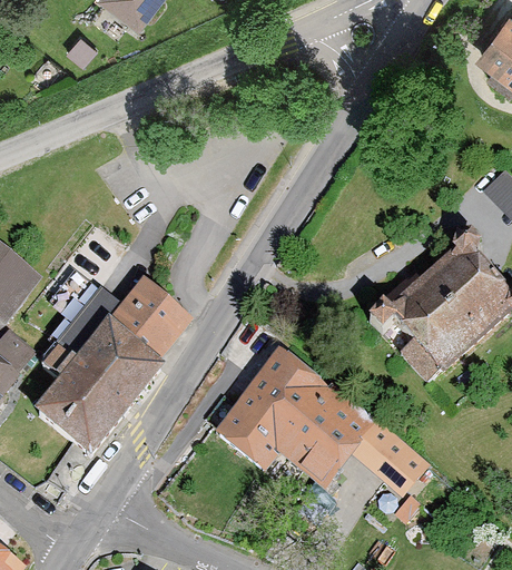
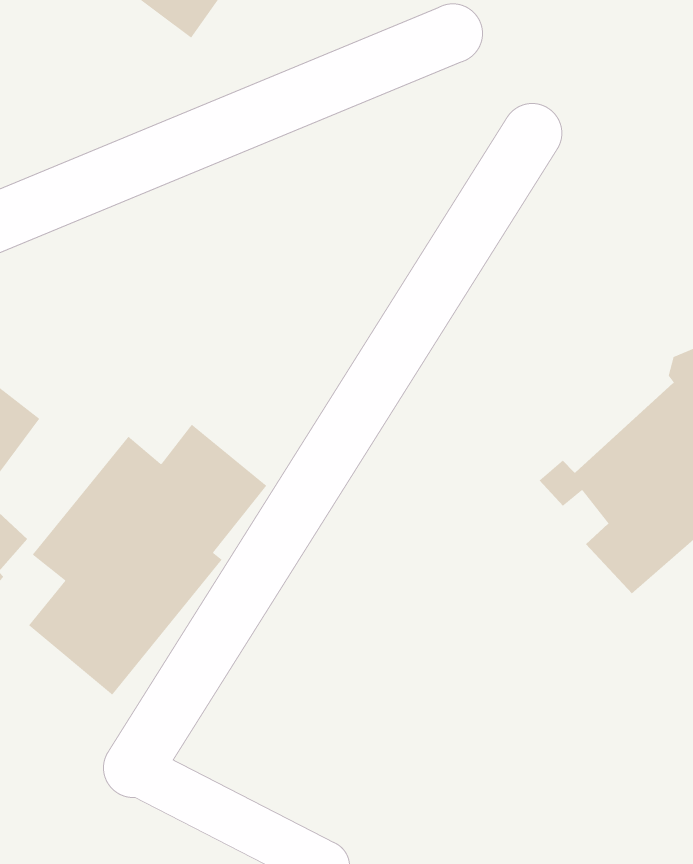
building: [214,347,433,497] -> none

